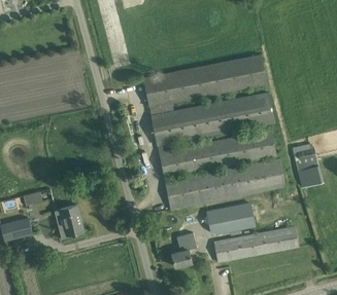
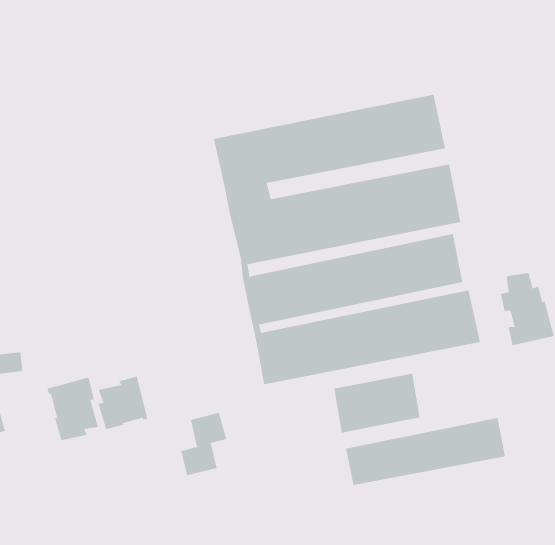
building: none -> [98,376,148,430]
building: [171,232,196,266] -> [181,412,227,476]

